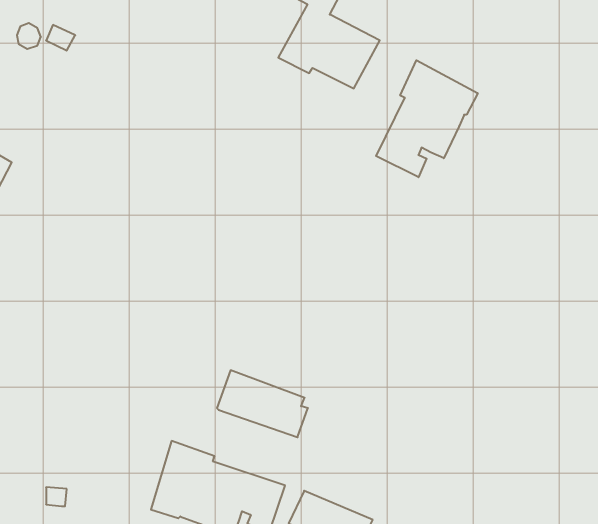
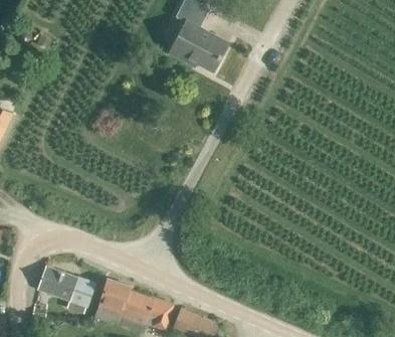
building: [376,60,478,177] -> none
building: [217,370,308,437] -> [38,266,91,305]

